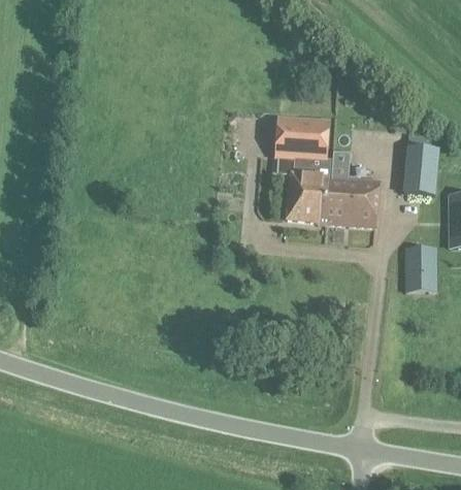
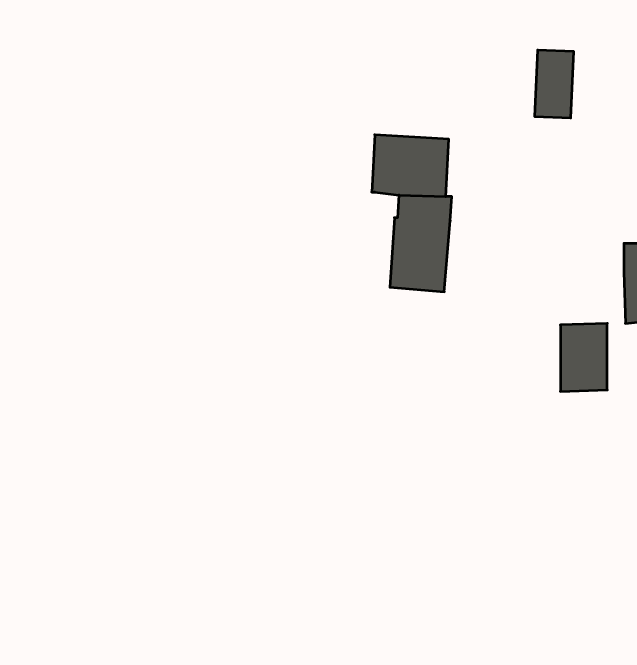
building: [404,144,431,191] -> [535,50,574,118]
building: [325,175,381,228] -> none

